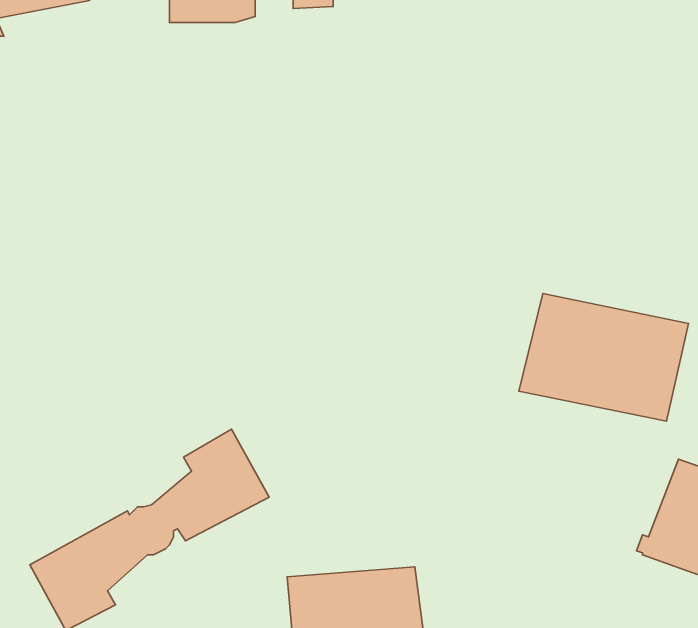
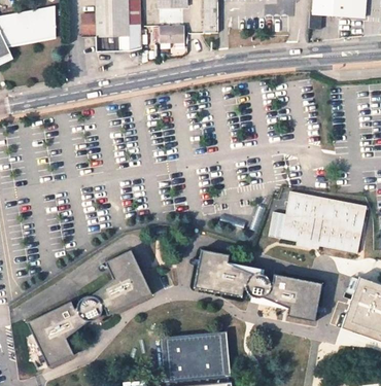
building: none -> [194,250,322,323]

